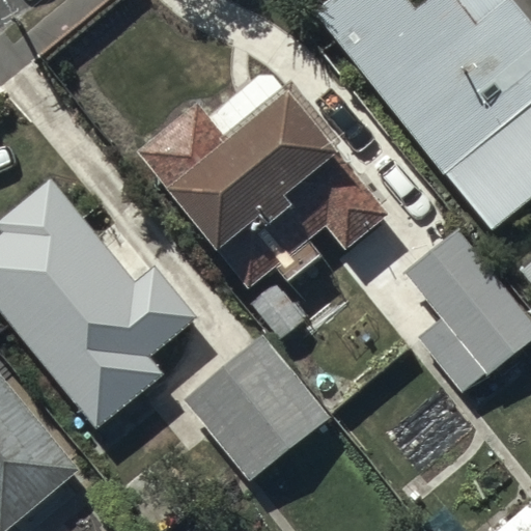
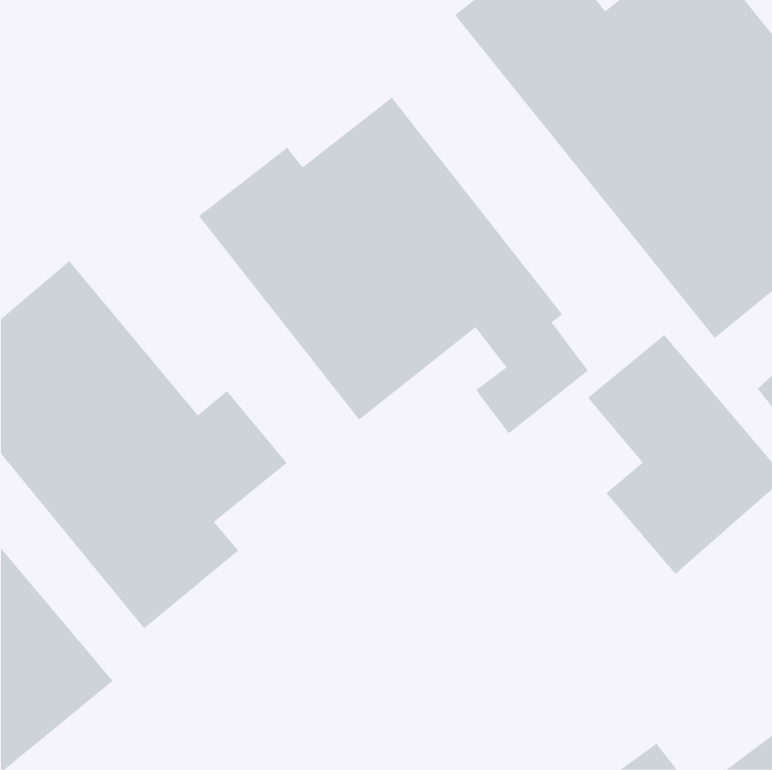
building: [183,334,331,493] -> none

